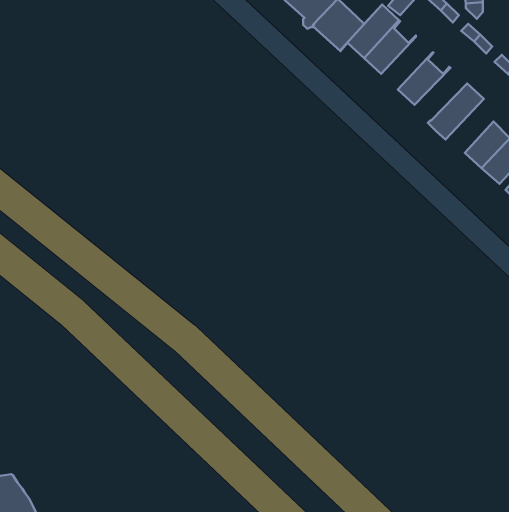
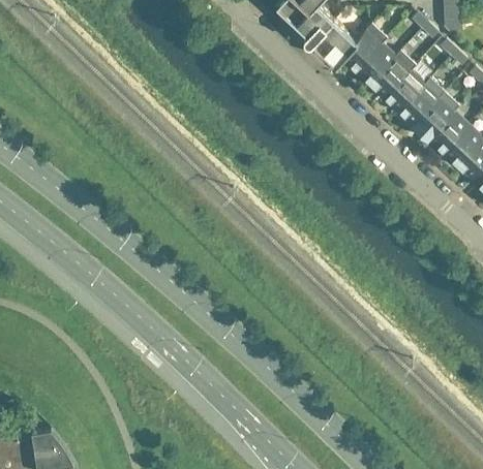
building: none -> [371,52,416,97]
building: none -> [400,79,446,124]
building: none -> [427,105,469,152]

